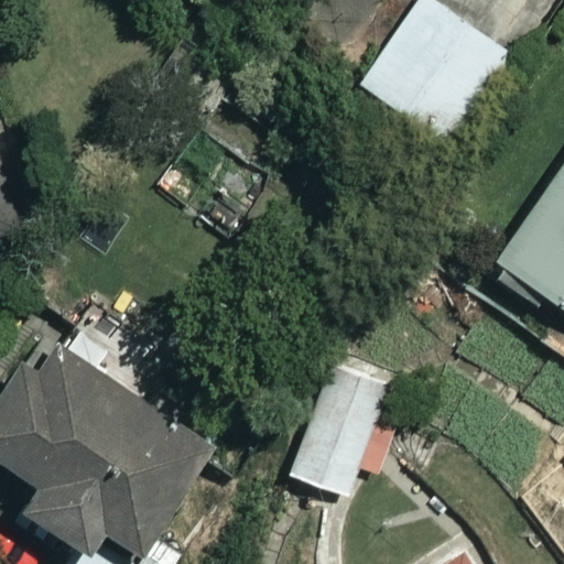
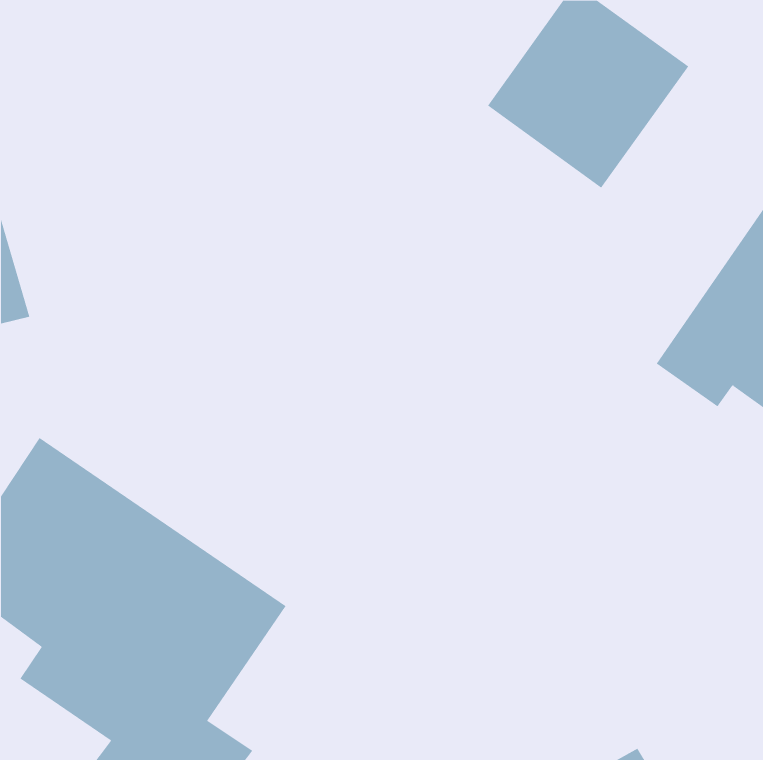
building: [292,362,392,499] -> none

